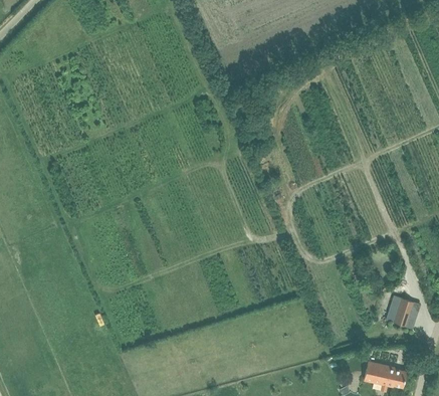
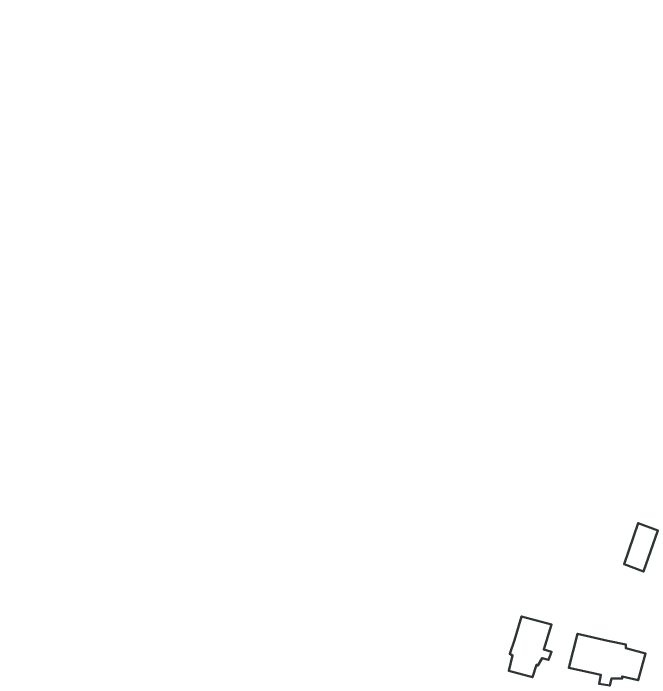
building: none -> [509,617,551,677]

